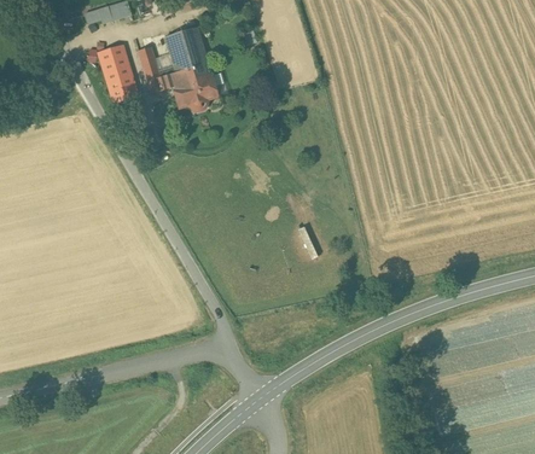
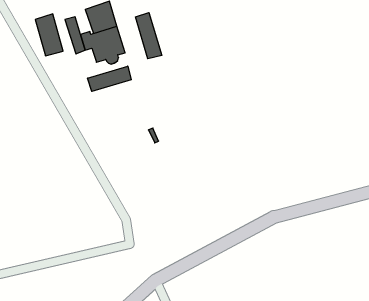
building: none -> [135,13,162,59]
building: none -> [88,66,131,91]

